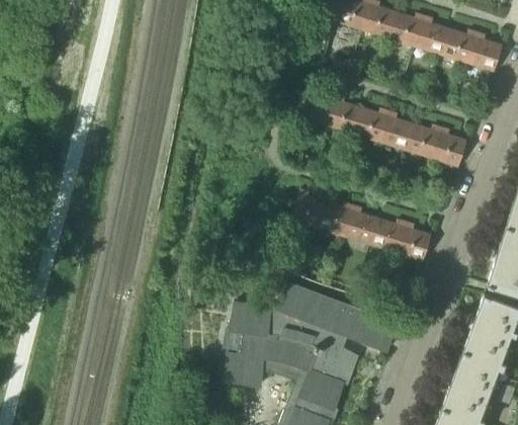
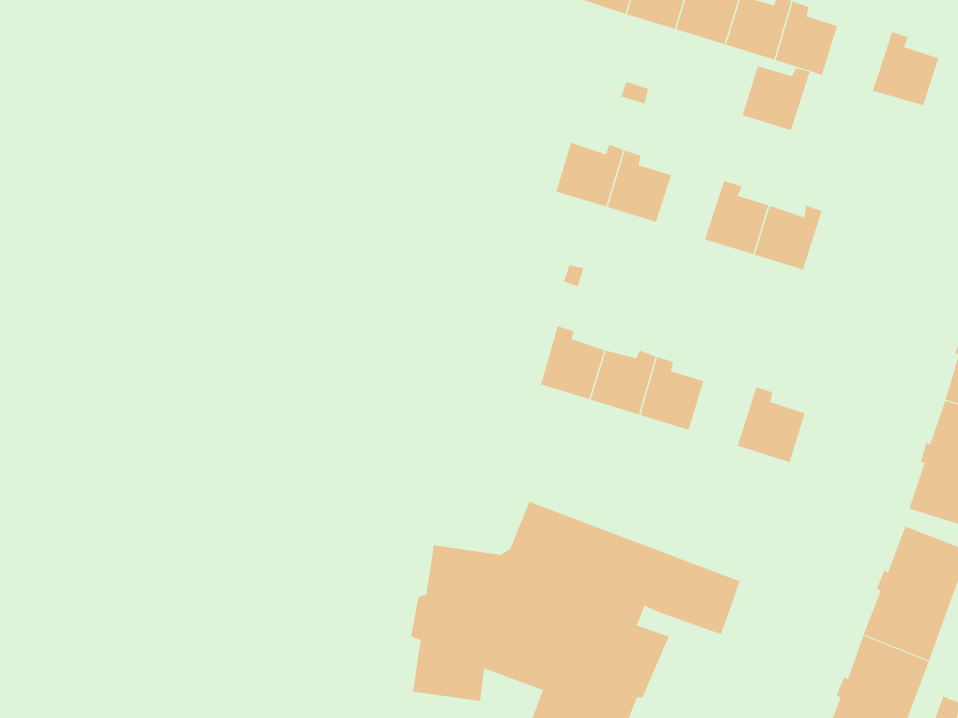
building: [442,28,479,63] -> [742,66,811,131]
building: [354,107,390,142] -> none
building: [432,126,467,166] -> none
building: [371,217,407,251] -> none

